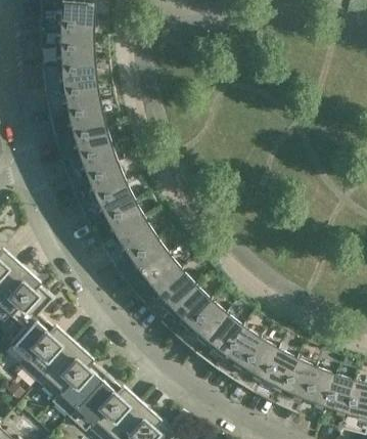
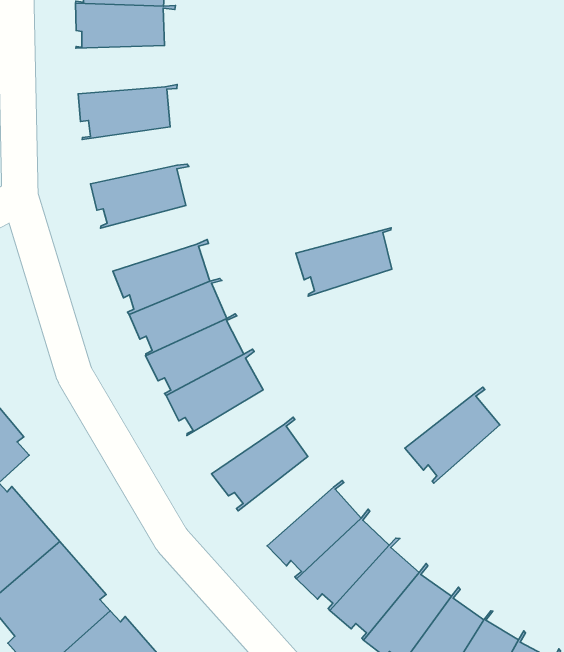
building: [49,79,100,111] -> none
building: [58,120,109,157] -> none
building: [74,160,125,201] -> [296,228,392,296]
building: [132,249,182,300] -> none
building: [164,280,212,334] -> [405,387,500,483]

